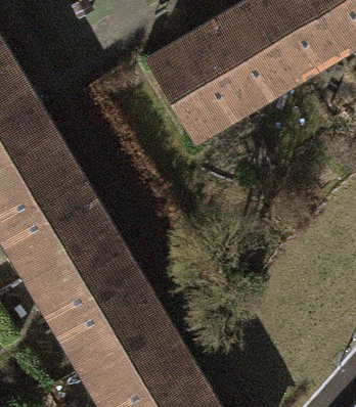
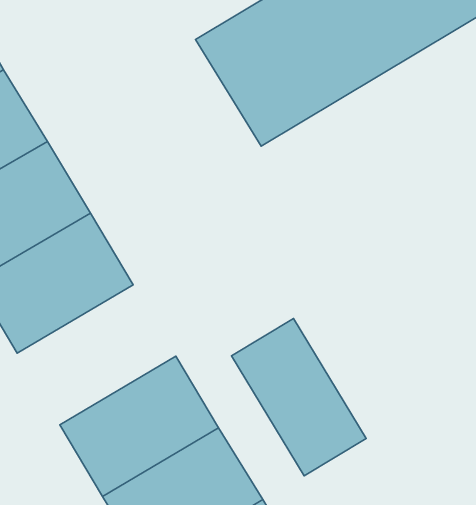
building: [28,228,134,322] -> none
building: none -> [232,319,366,476]

